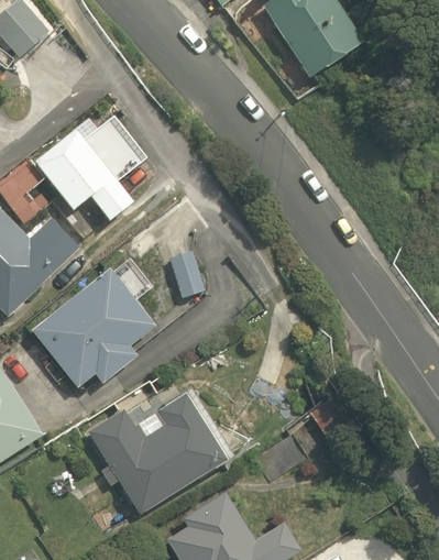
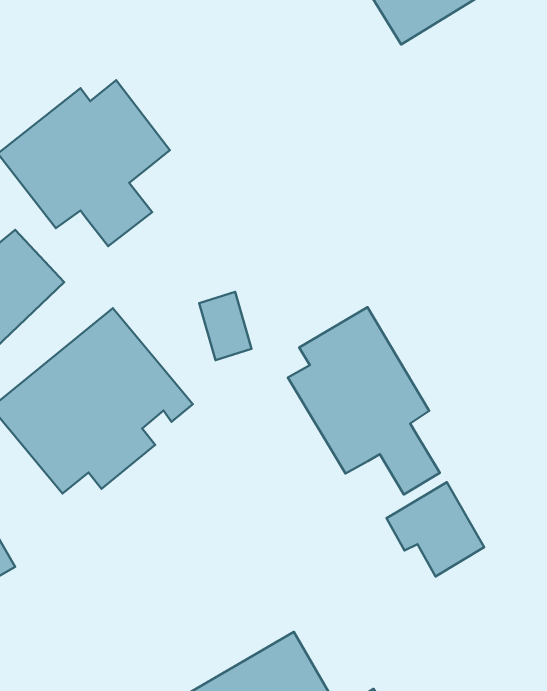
building: none -> [288,307,440,495]
building: [90,376,233,513] -> none

